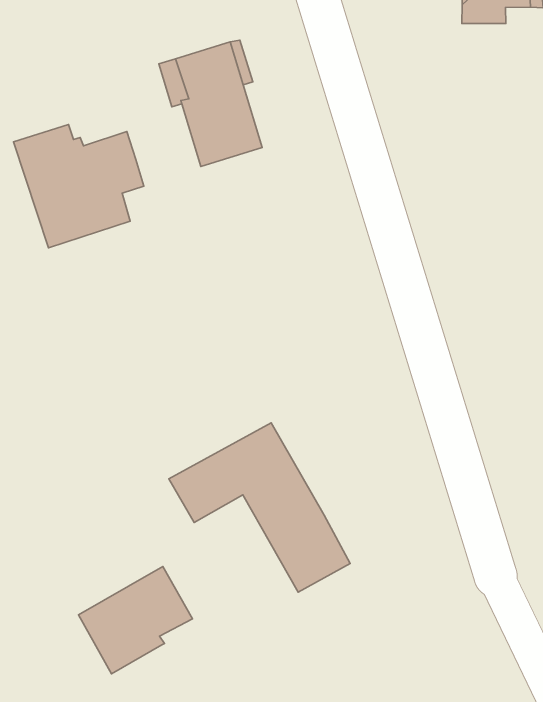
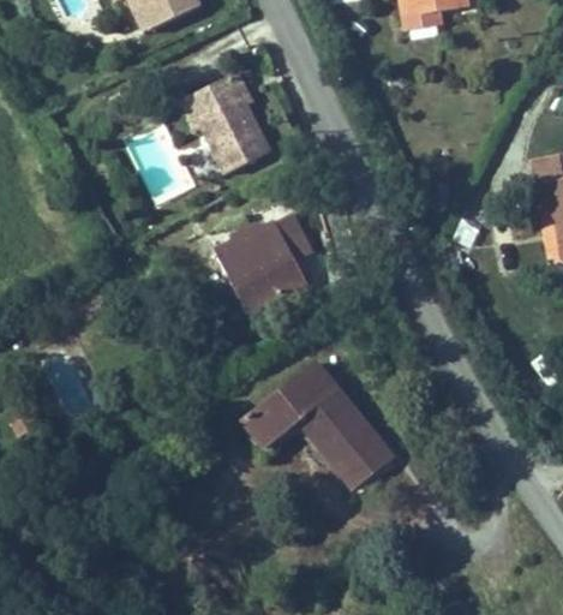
building: [14,125,144,248] -> [206,211,312,311]
building: [78,566,192,674] -> none

